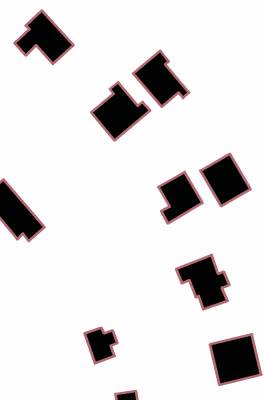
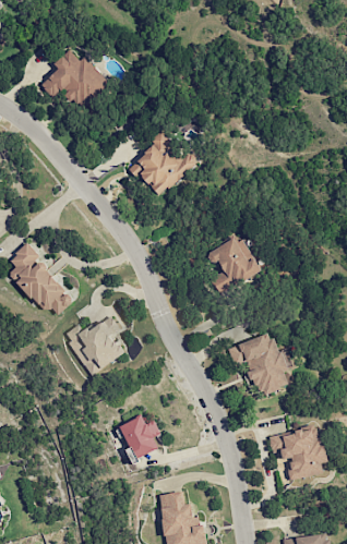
building: [133,51,189,107] -> none
building: [200,154,250,206] -> none
building: none -> [63,315,124,375]

